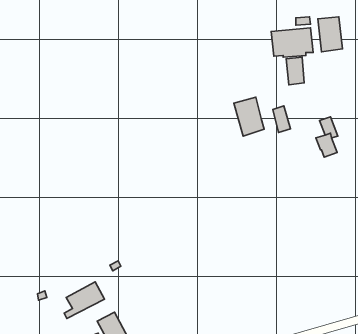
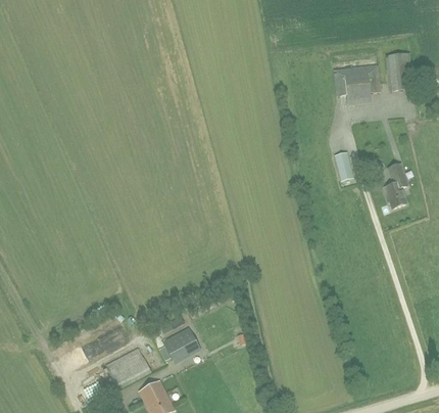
building: [286,57,304,85] -> none
building: [234,97,264,136] -> none
building: none -> [162,328,197,359]

